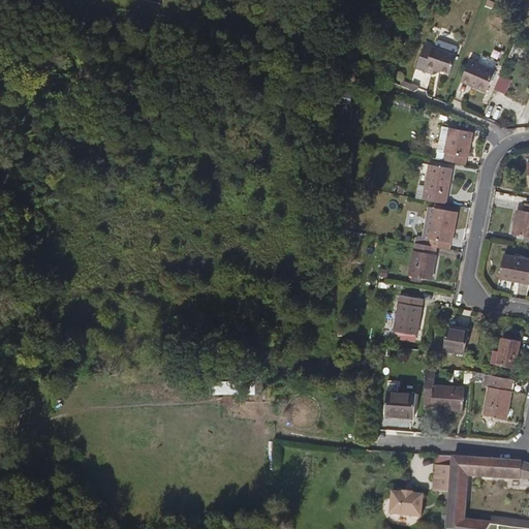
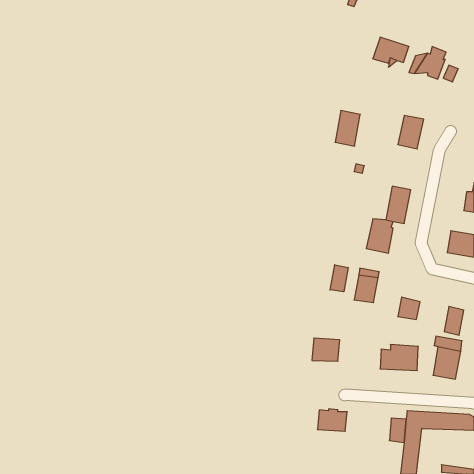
building: [422,163,449,203] -> [335,111,360,146]
building: none -> [330,265,348,292]
building: [384,390,415,415] -> [312,338,340,361]
building: [390,490,423,515] -> [317,409,347,431]

